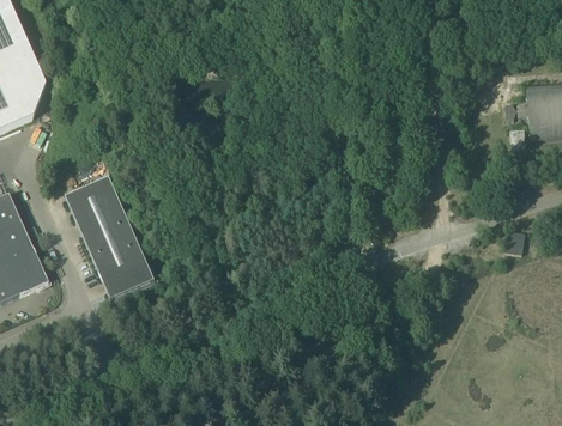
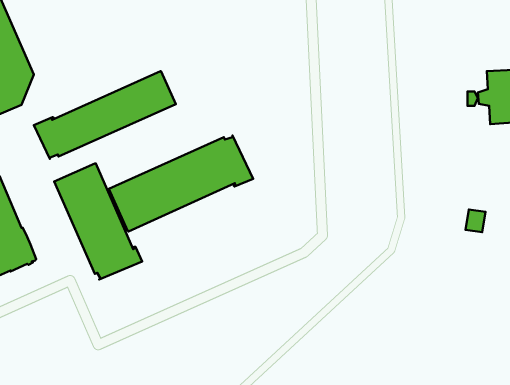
building: none -> [34,71,176,159]
building: none -> [109,135,253,231]

